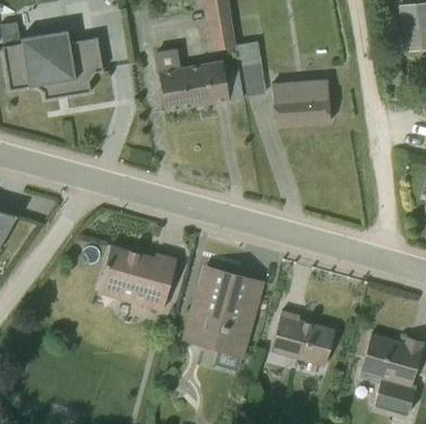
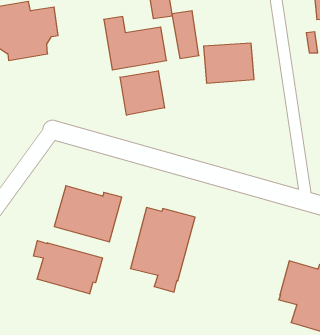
building: none -> [120,71,165,115]
building: none -> [33,241,102,294]
building: [270,310,335,365] -> none

